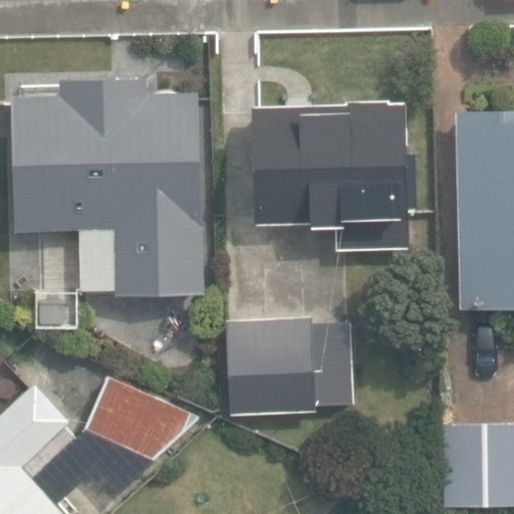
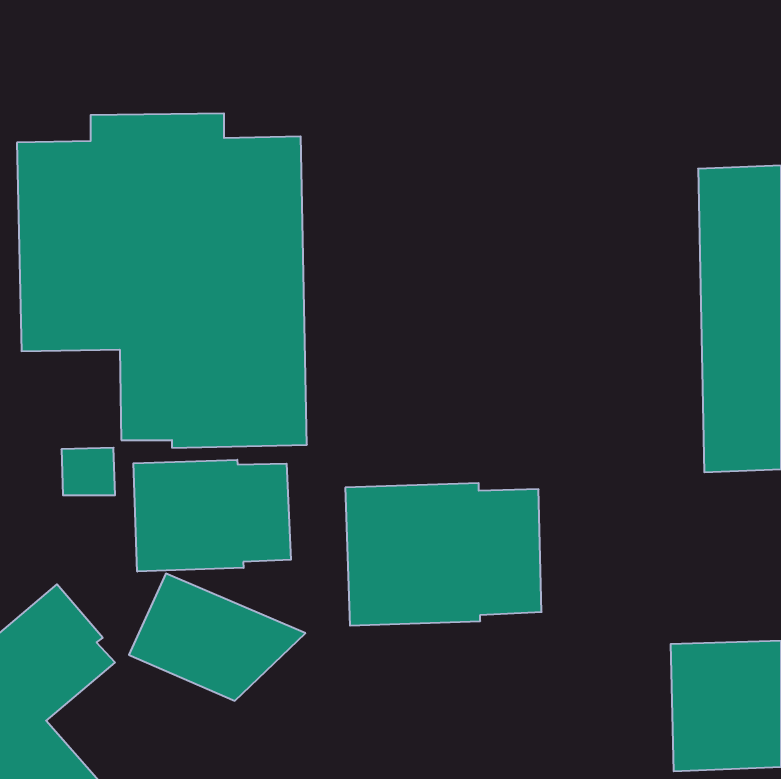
building: [254,100,408,250] -> none
building: none -> [133,460,291,572]

